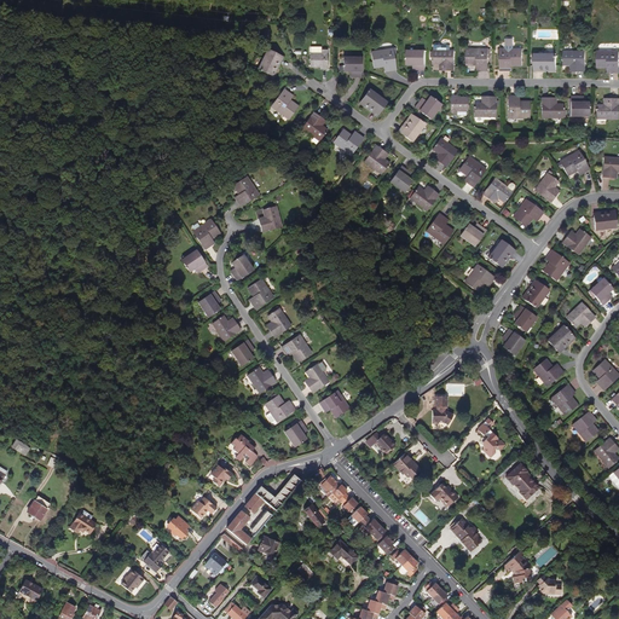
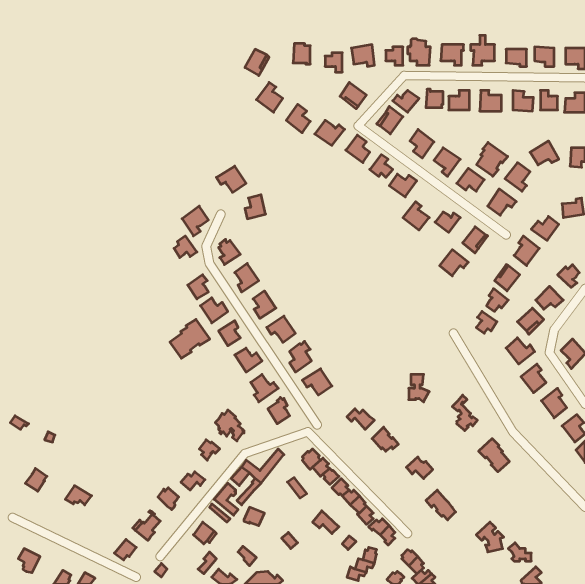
building: none -> [477,142,508,176]
building: none -> [170,319,210,358]

